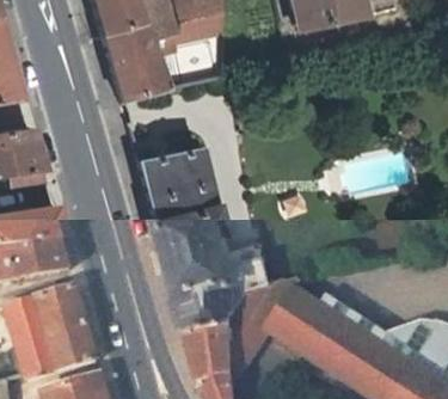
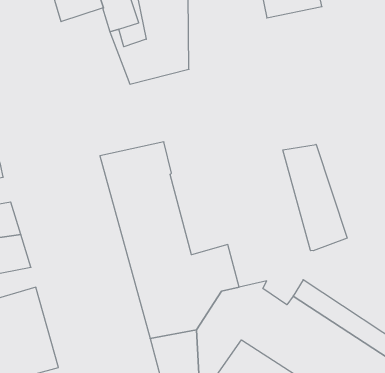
building: [102,19,167,103] -> none
building: none -> [283,144,347,251]

